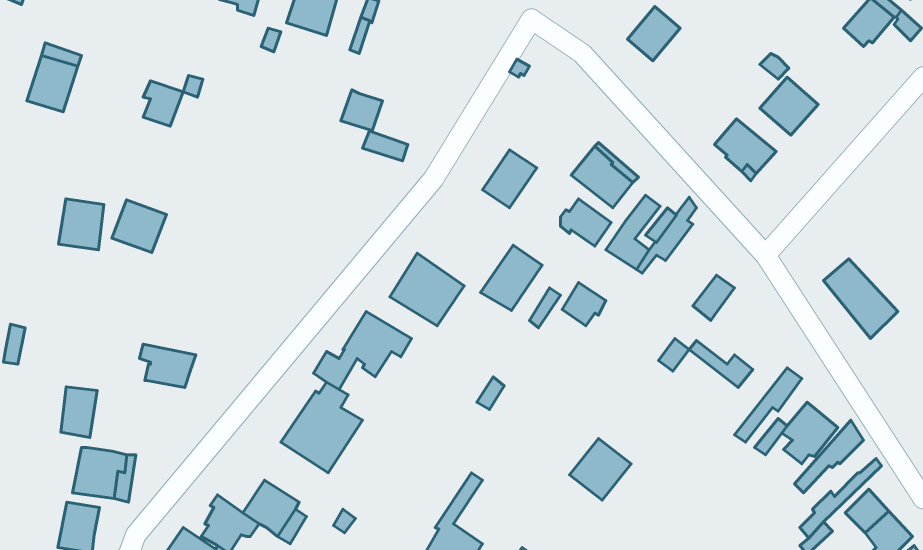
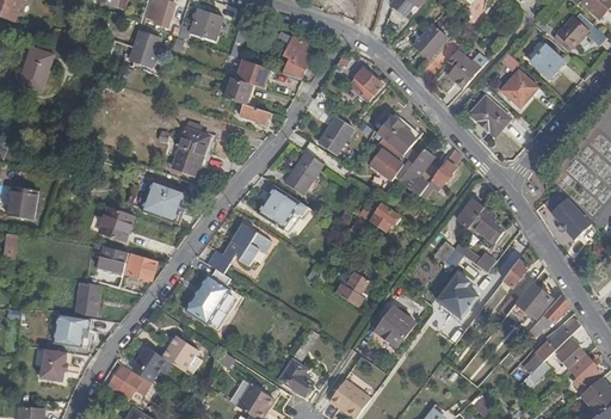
building: none -> [283,36,311,79]
building: none -> [526,38,563,75]
building: none -> [448,49,481,87]
building: none -> [236,58,270,88]
building: none -> [347,67,382,100]
building: [143,81,183,126] -> [132,37,159,67]
building: none -> [171,127,215,175]
building: [58,199,104,250] -> [6,185,36,218]
building: [112,200,166,253] -> [98,205,134,240]
building: none -> [138,178,184,221]
building: [481,245,542,311] -> [283,150,323,193]
building: none -> [470,207,502,241]
building: none -> [124,252,156,281]
building: none -> [335,270,368,306]
building: [61,387,97,438] -> [75,282,99,315]
building: none -> [436,273,479,319]

